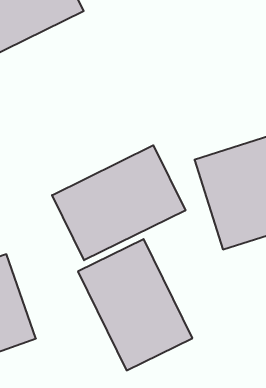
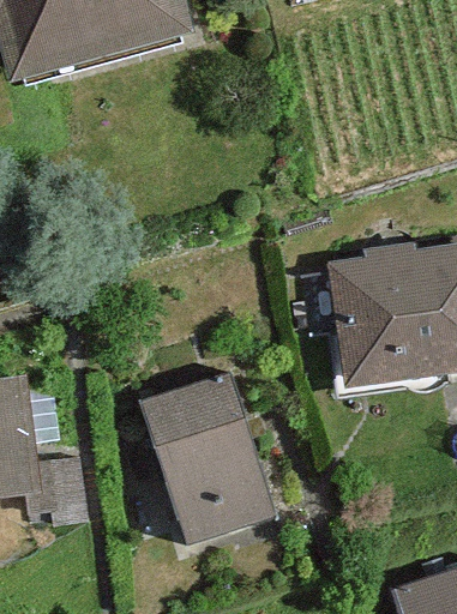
building: [52,145,185,260] -> none

